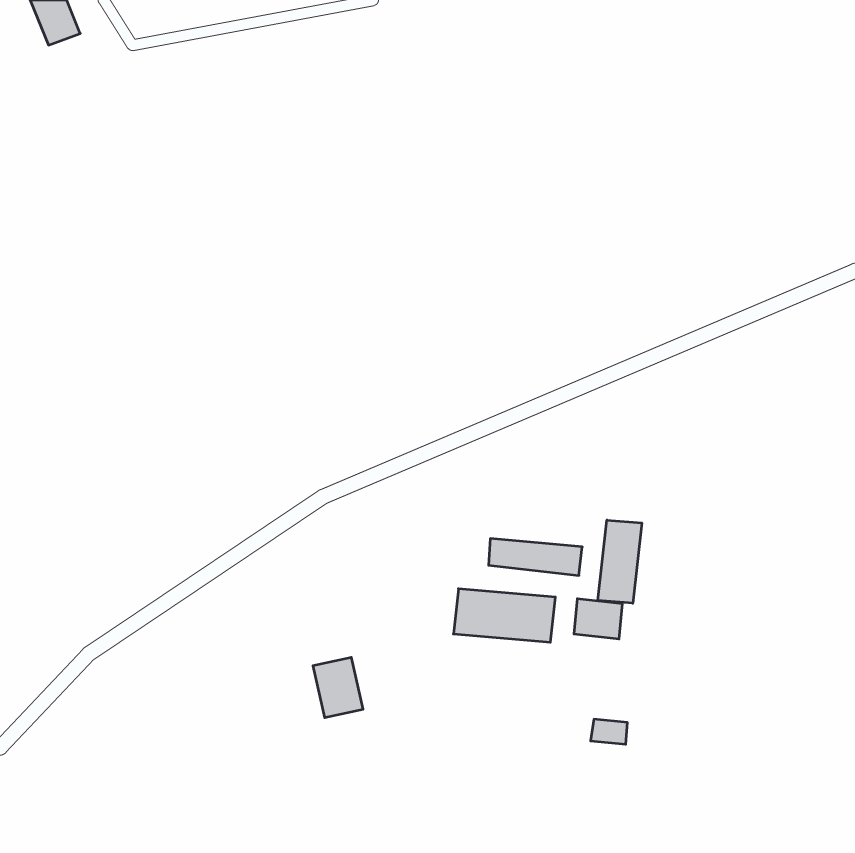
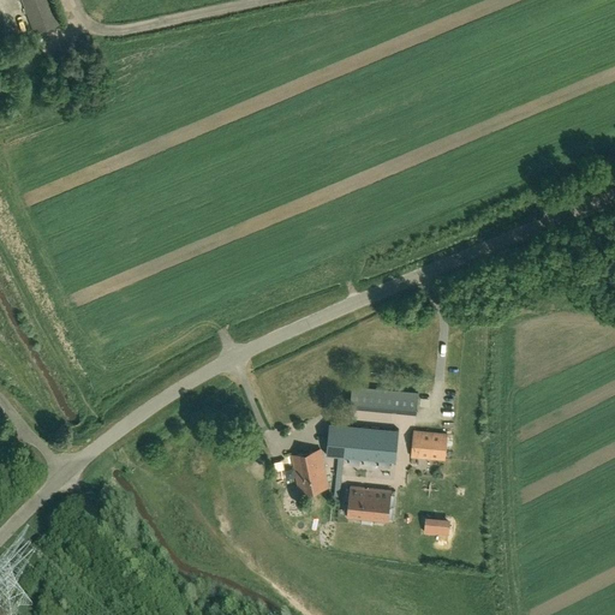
building: [598,520,642,603] -> none
building: [313,657,363,718] -> [292,450,328,494]
building: none -> [347,486,392,523]

